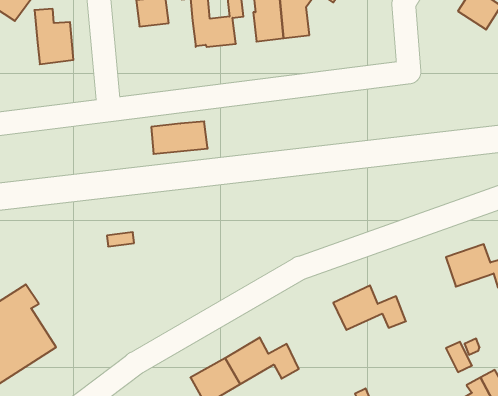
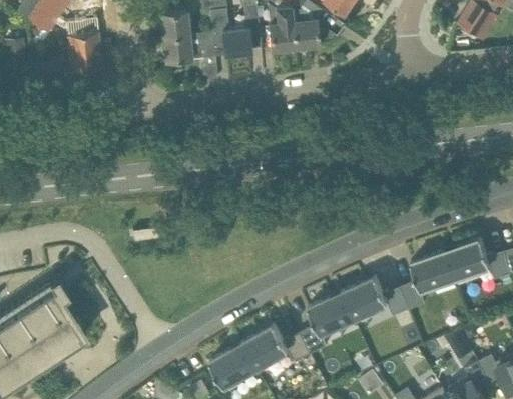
building: [151,121,208,154] -> [163,32,215,62]
building: none -> [401,251,456,310]
building: none -> [300,293,355,354]

